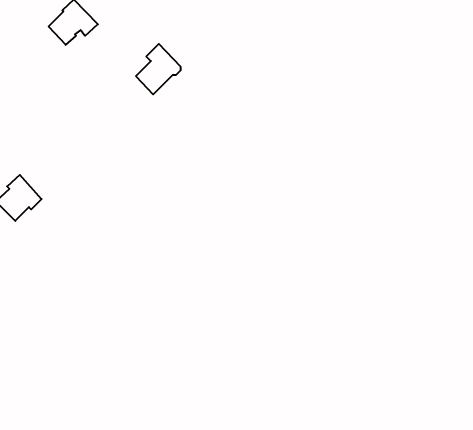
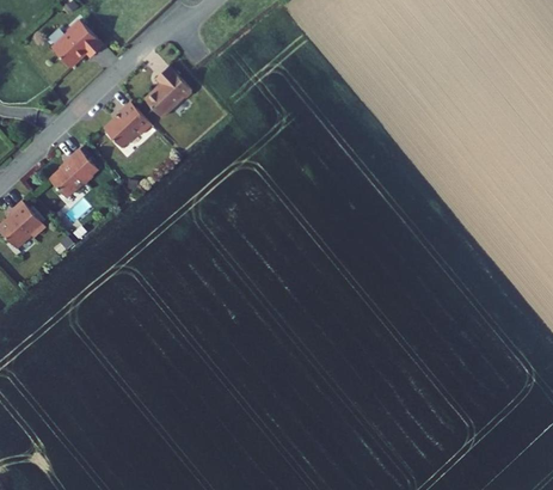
building: none -> [103,103,150,148]
building: none -> [49,148,96,196]

